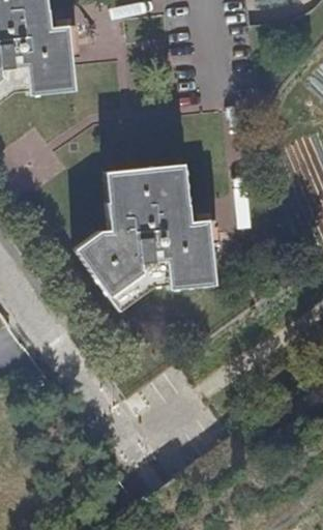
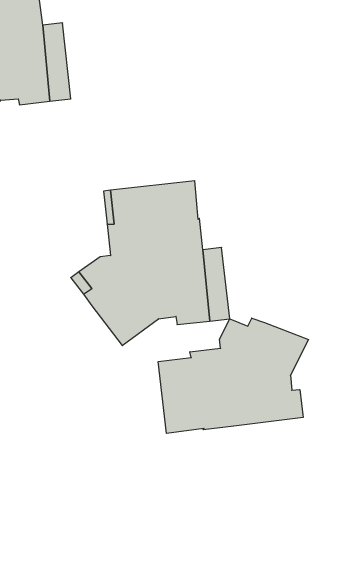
building: none -> [158,318,309,433]

